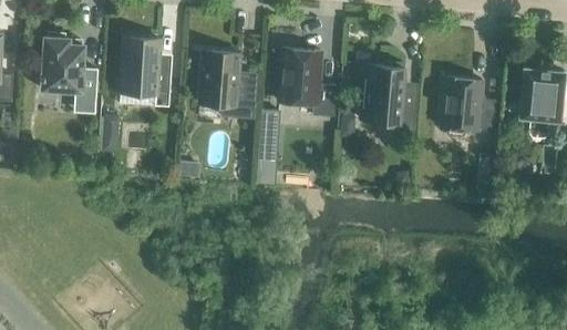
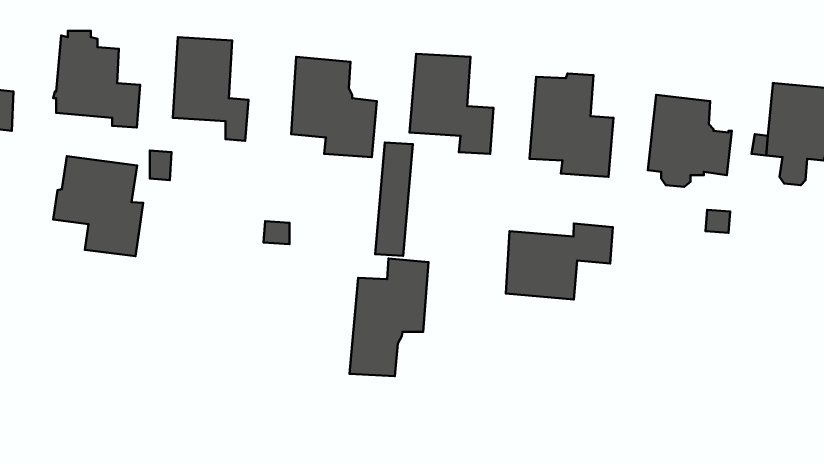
building: none -> [53,156,143,256]
building: none -> [506,223,613,299]
building: none -> [349,259,428,376]

